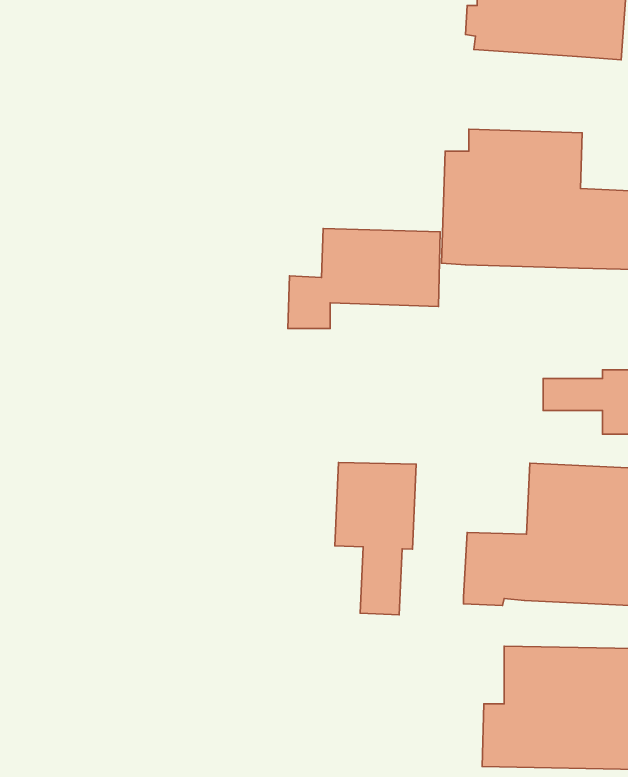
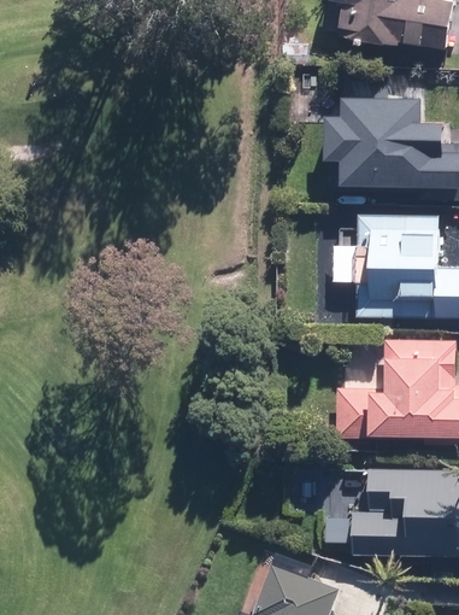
building: [288,228,440,328] -> [333,211,441,282]
building: [335,462,416,615] -> none

